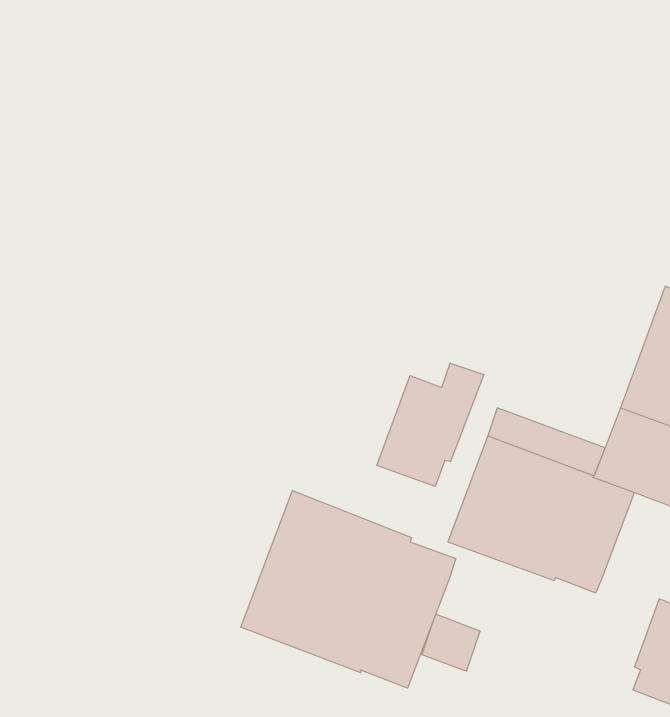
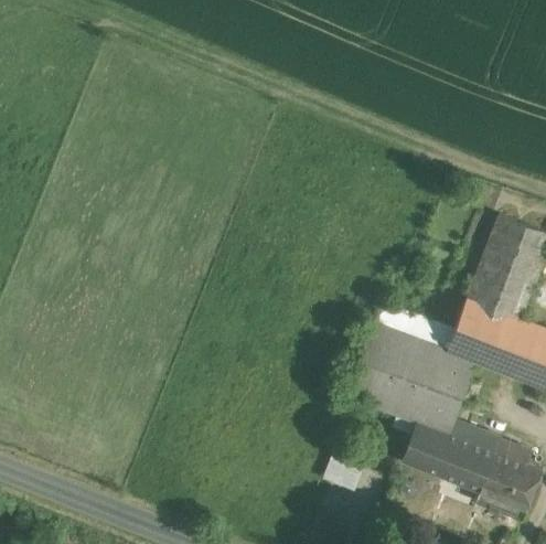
building: [377,363,484,486] -> none
building: [241,490,456,688] -> none
building: none -> [405,423,493,487]

